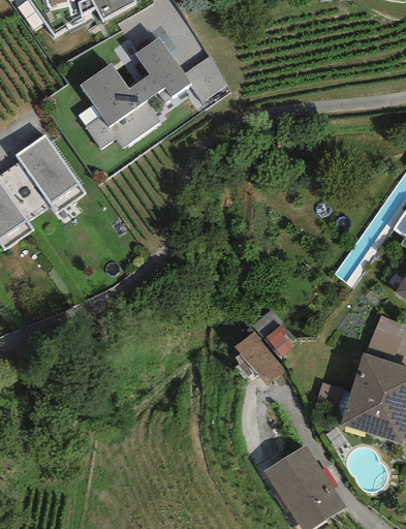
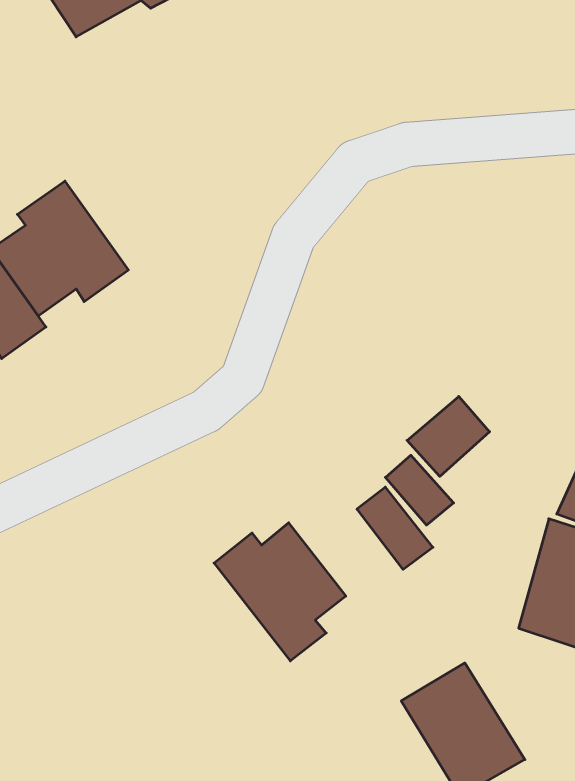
building: [74,36,225,152] -> none
building: none -> [407,396,490,476]
building: none -> [214,523,346,661]

